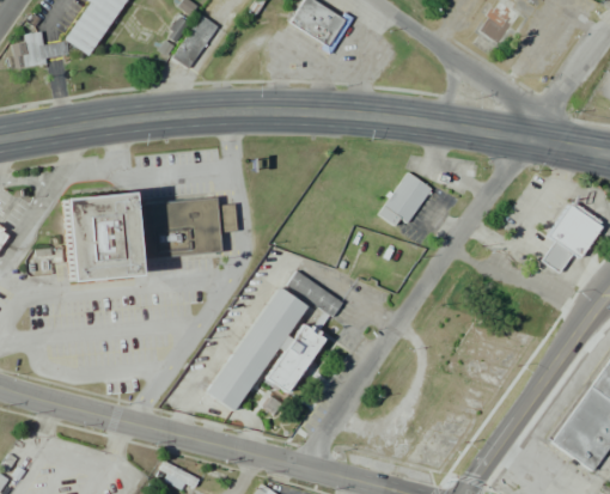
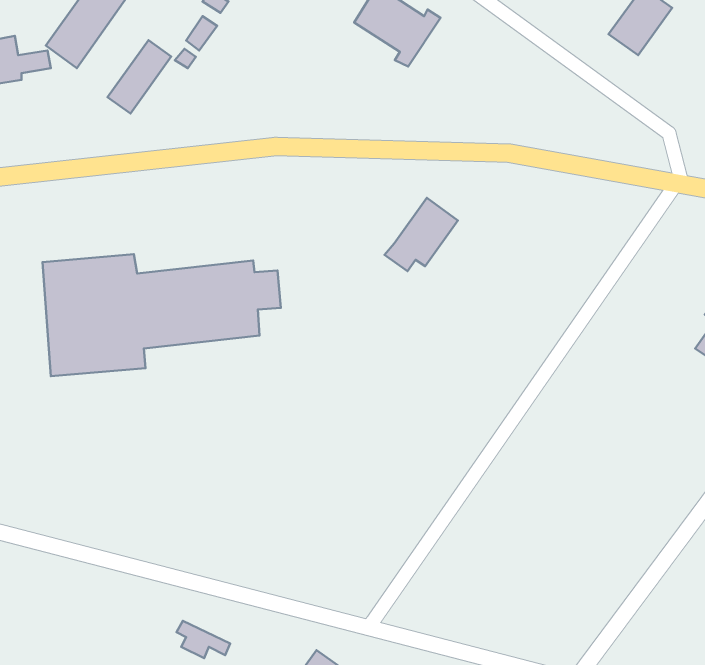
building: [173,14,220,68] -> [108,40,171,113]
building: [379,172,433,226] -> [384,198,458,271]
building: [208,270,343,410] -> none

